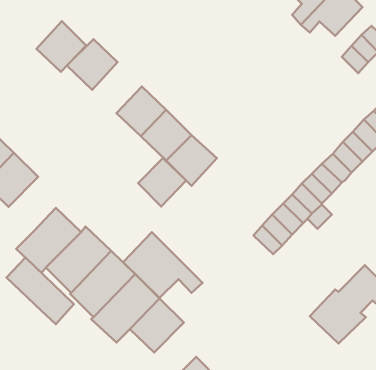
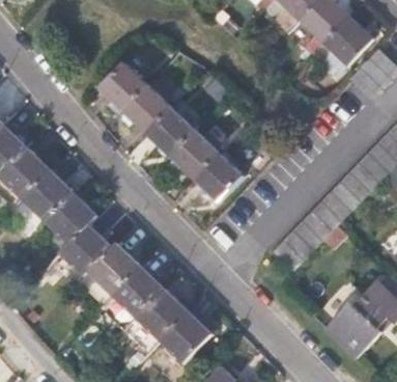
building: [36,21,86,72] -> [123,85,170,133]
building: [138,158,186,206] -> none
building: none -> [45,193,96,244]
building: [123,232,202,298] -> none
building: [6,258,74,324] -> none

